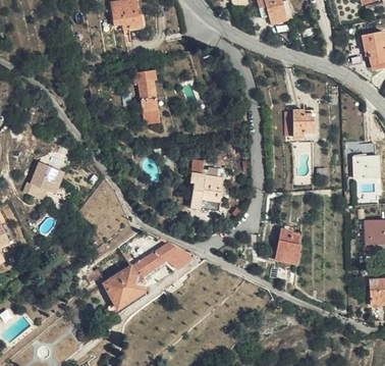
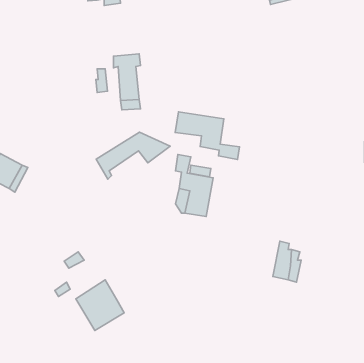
building: [296,114,316,142] -> none
building: none -> [175,112,239,159]
building: [129,243,194,283] -> [96,132,170,179]

